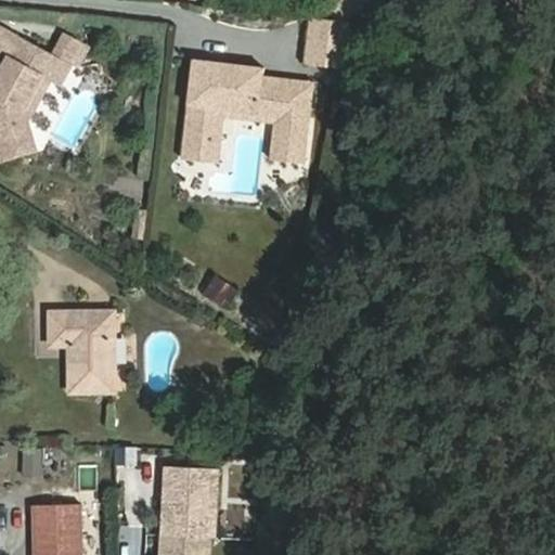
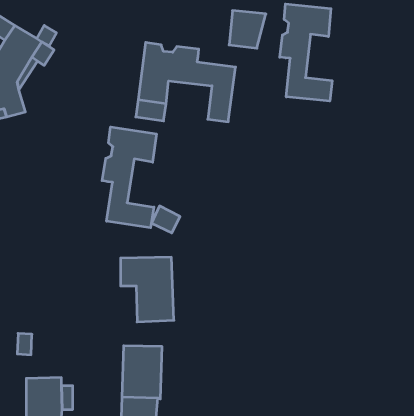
building: none -> [280,4,332,101]
building: none -> [102,127,156,228]
building: [46,312,116,398] -> [121,257,174,322]

